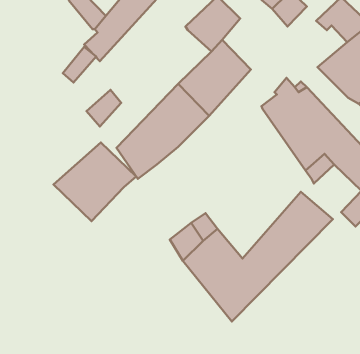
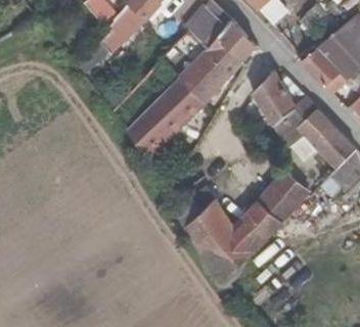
building: none -> [218,18,259,62]
building: [53,143,136,221] -> none

